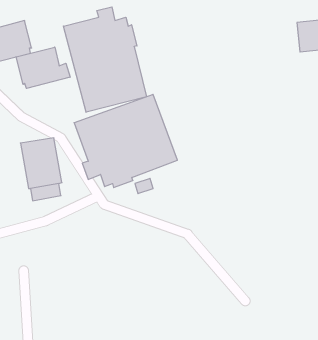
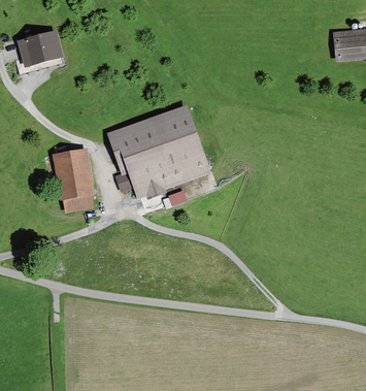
building: [63,7,147,112] -> none
building: [16,47,70,88] -> none

